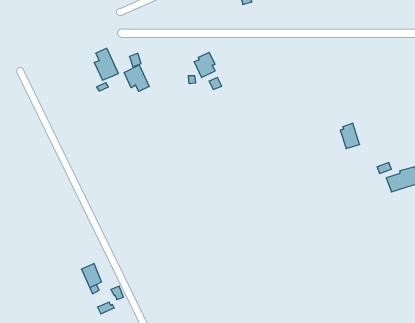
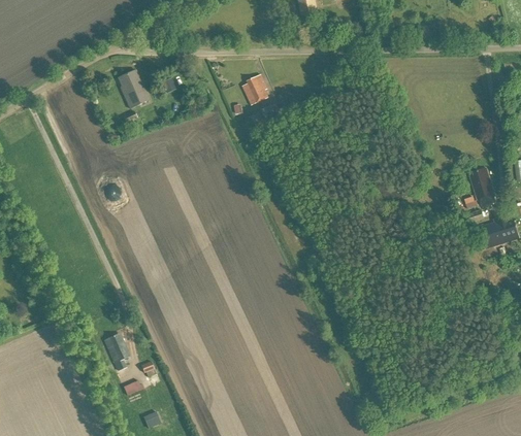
building: [124,65,149,91] -> none
building: [340,123,360,149] -> [469,168,493,199]

